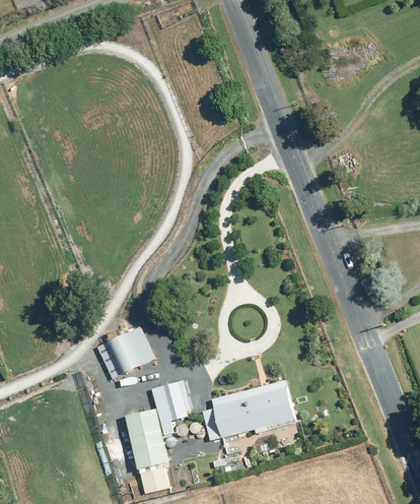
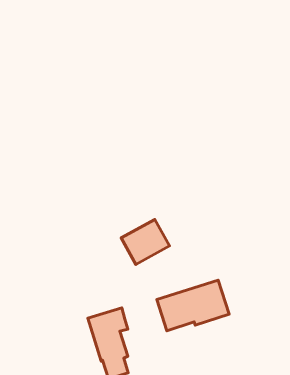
building: [96,325,155,379] -> [121,220,169,264]
building: [161,381,189,421] -> none

